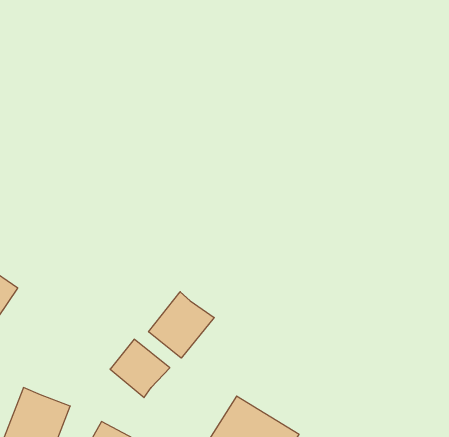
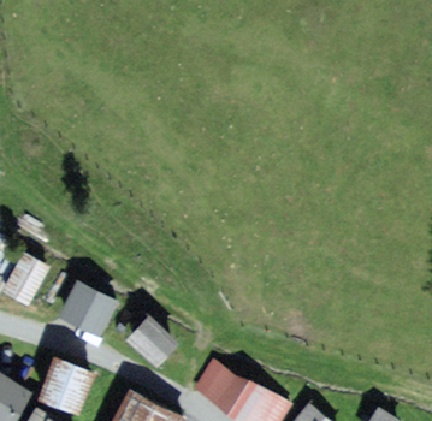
building: [149,292,214,358] -> none
building: none -> [61,281,120,339]

